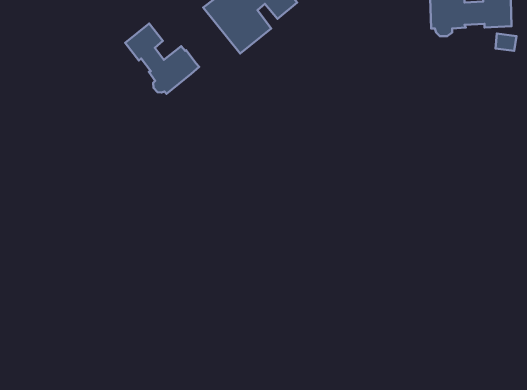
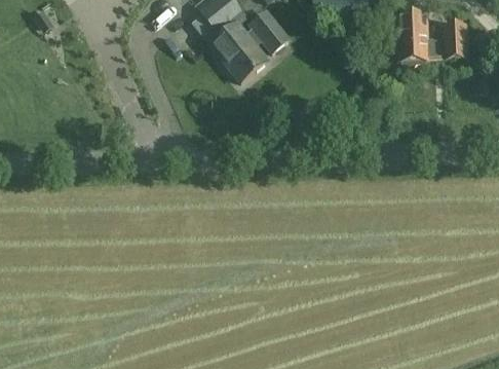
building: [125,23,199,94] -> none

